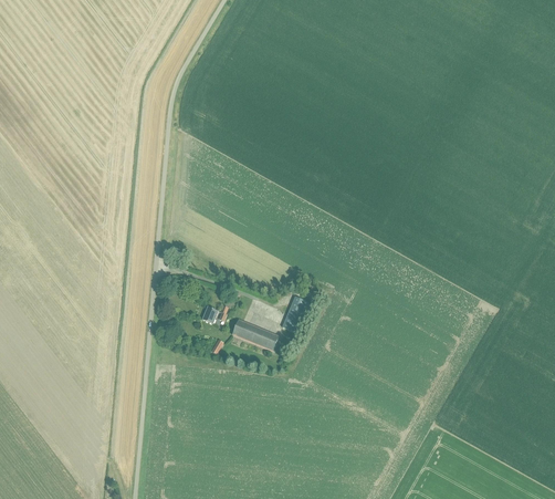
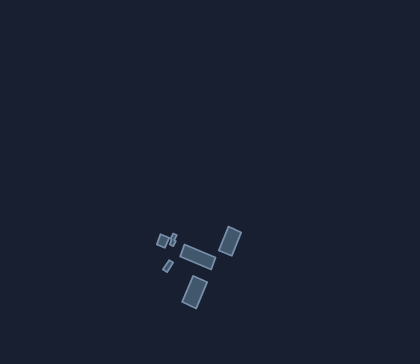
building: none -> [182,276,207,308]

